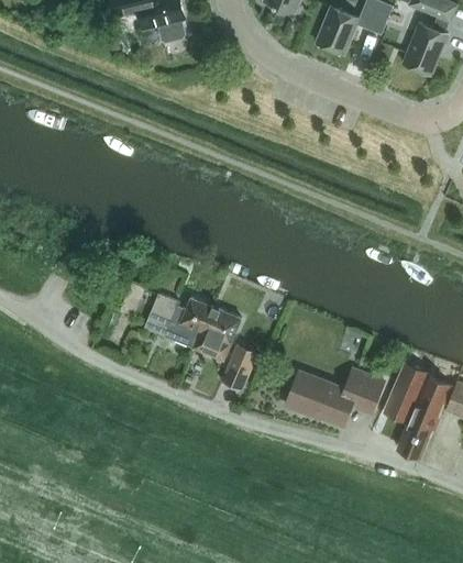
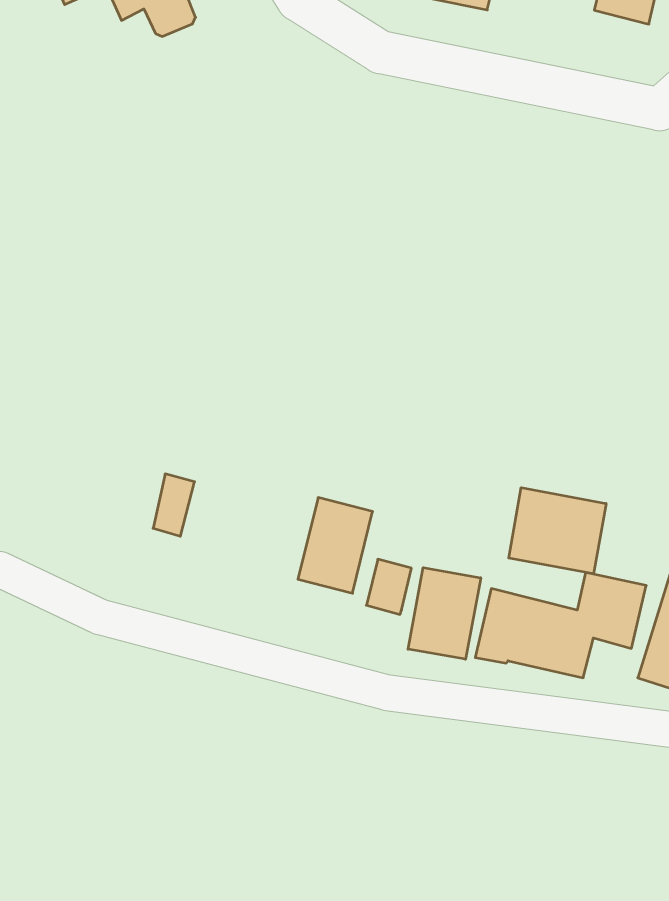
building: [145,292,213,349] -> none
building: none -> [509,488,606,574]
building: none -> [408,568,481,659]

